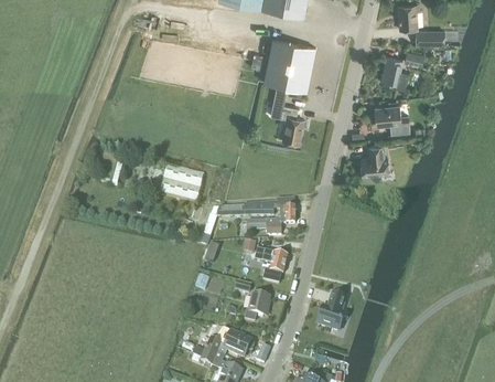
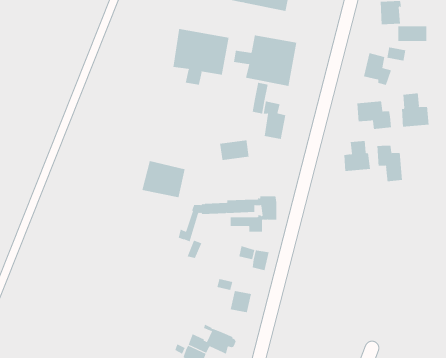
building: none -> [173,28,229,86]
building: none -> [402,93,429,128]
building: none -> [220,140,249,161]
building: none -> [377,145,403,182]
building: [316,291,346,329] -> none

